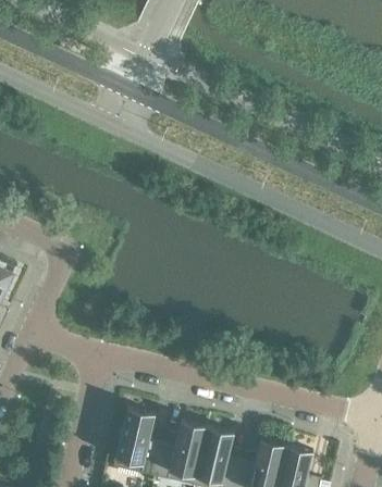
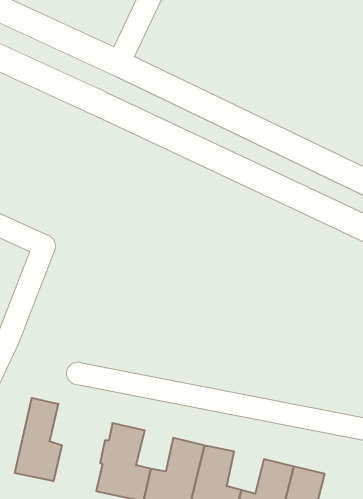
building: none -> [15,398,62,481]

